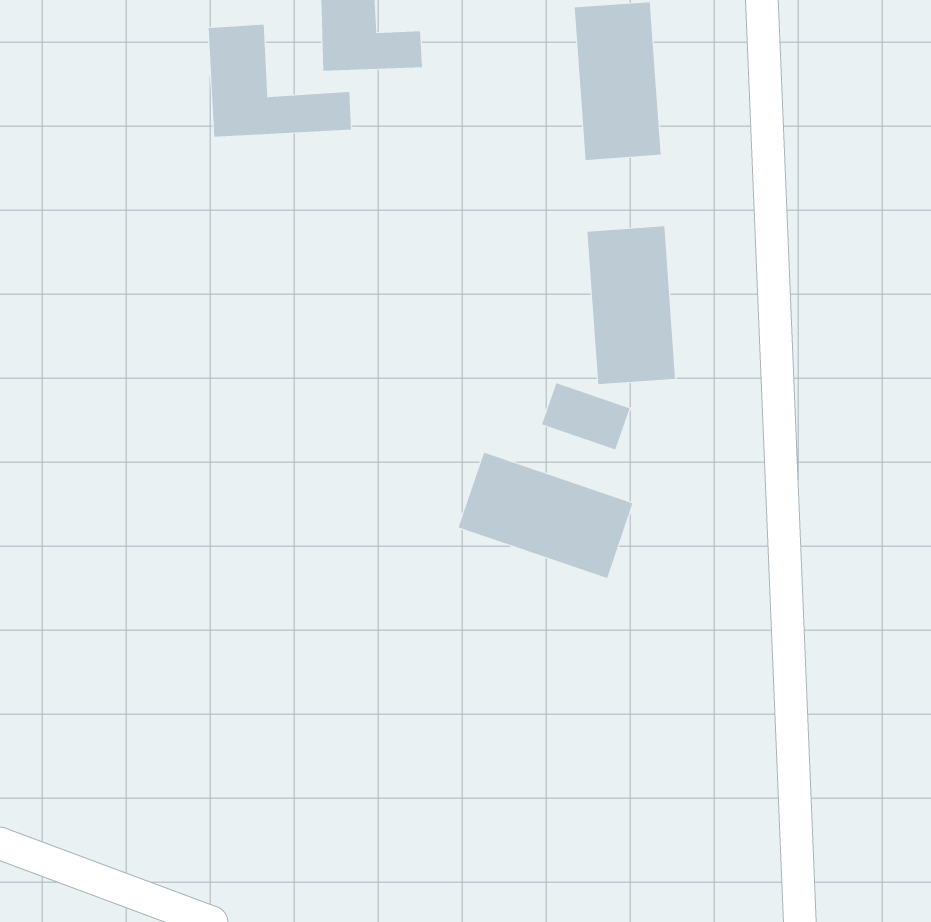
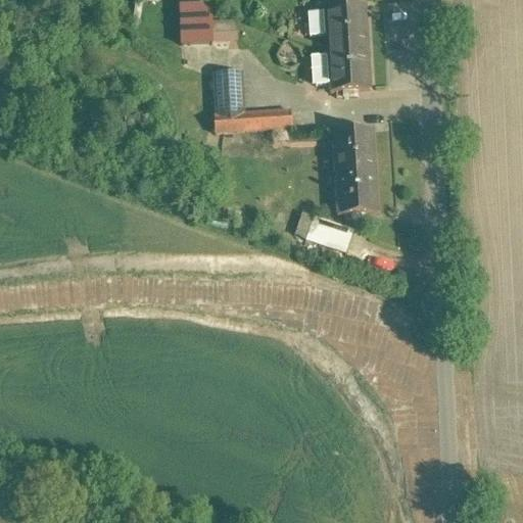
building: [208,24,352,137] -> [211,68,292,132]
building: [458,452,633,579] -> none

